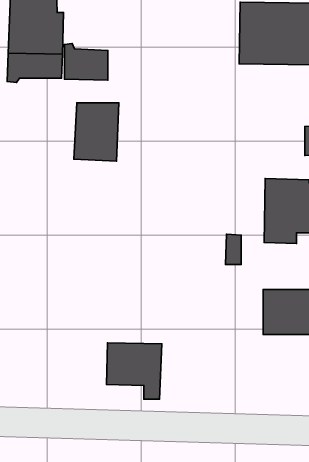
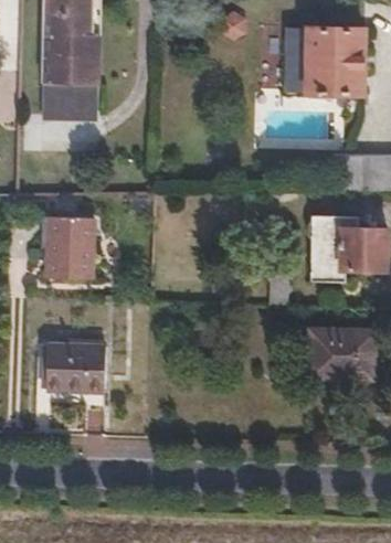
building: [64,44,108,80] -> none
building: [74,103,119,161] -> [45,217,93,279]
building: [106,343,162,399] -> [46,345,105,405]

